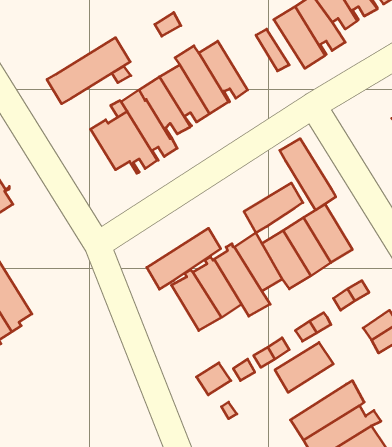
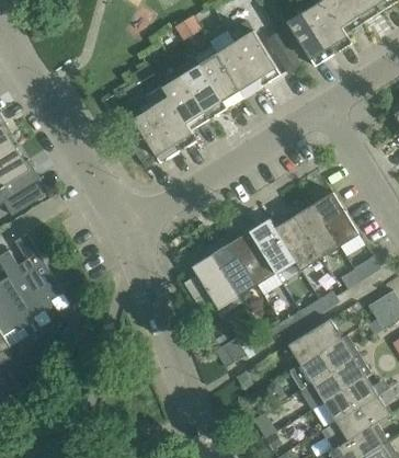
building: [47,38,130,104] -> none
building: [280,139,336,210] -> [229,21,281,87]
building: [244,183,303,233] -> none
building: [147,228,221,289] -> none
building: none -> [289,335,358,390]

